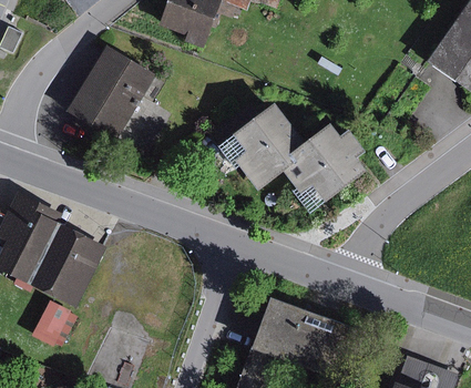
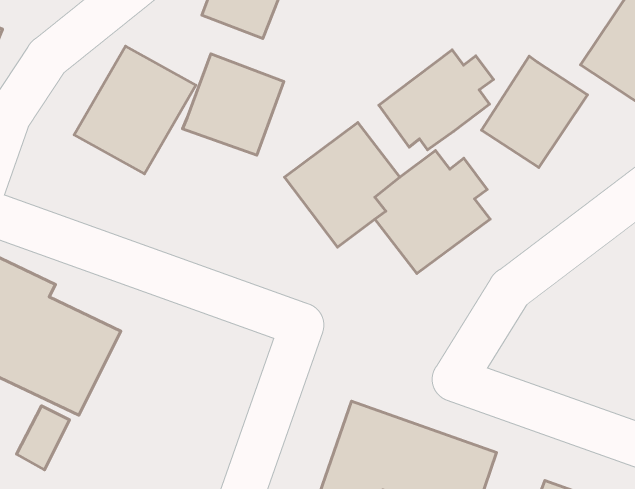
building: none -> [379,50,494,150]
building: none -> [183,54,284,155]
building: none -> [481,56,588,168]

